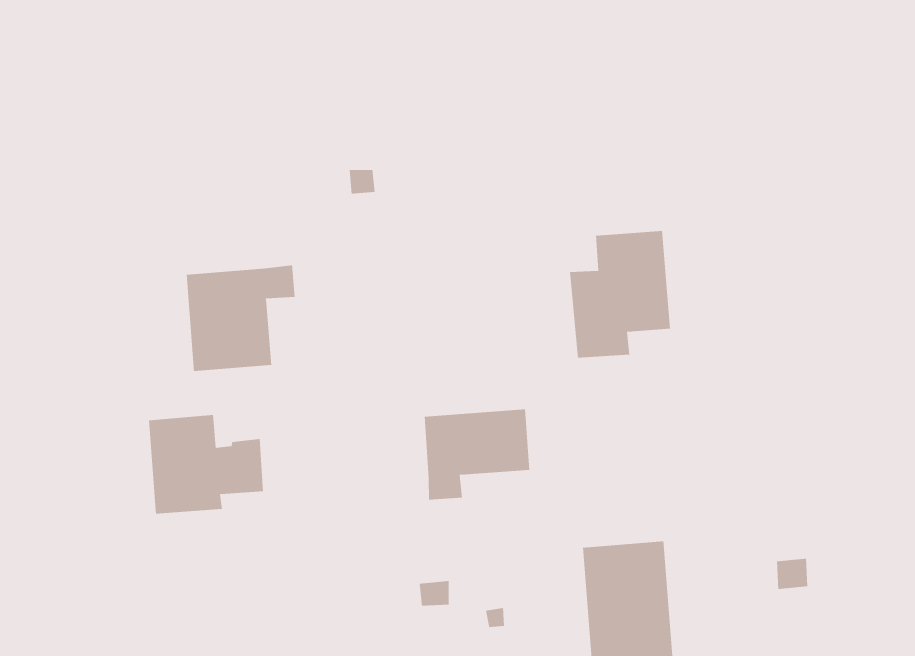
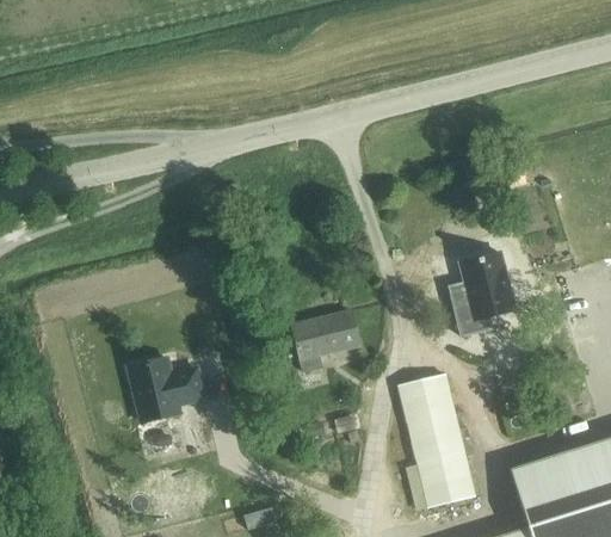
building: [569,231,671,358] -> [448,253,513,337]
building: [186,264,295,372] -> none

